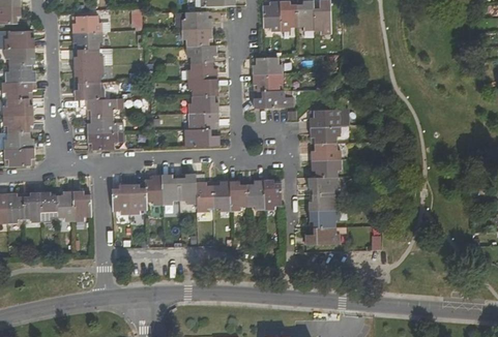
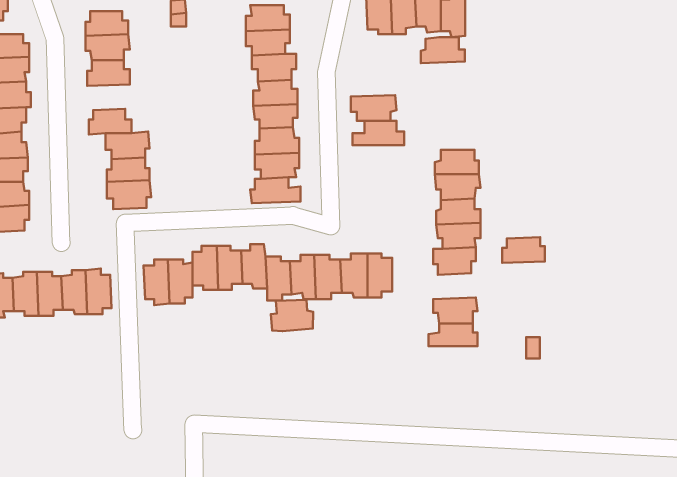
building: [253,56,283,73] -> [421,37,465,63]
building: [74,65,104,83] -> none
building: [309,193,338,211] -> [502,237,545,263]
building: none -> [271,300,313,331]

